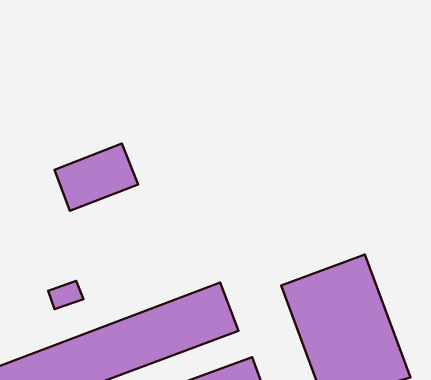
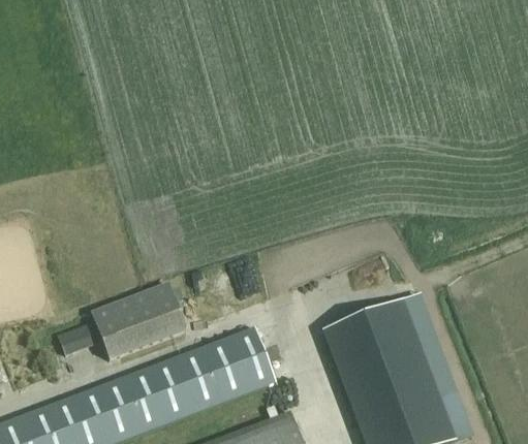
building: [54,144,138,211] -> [92,283,187,359]

